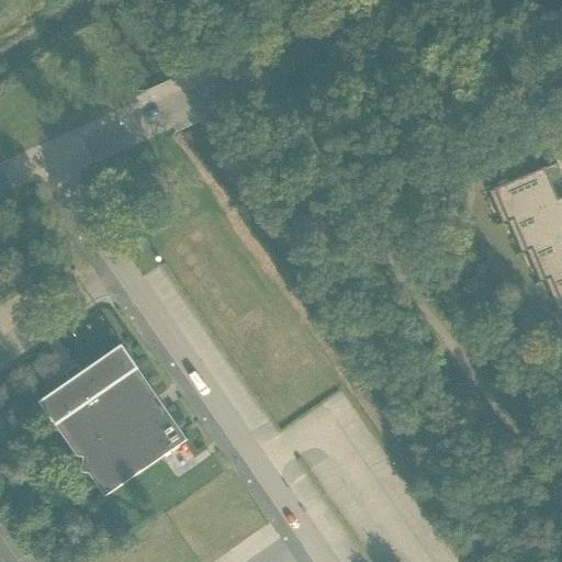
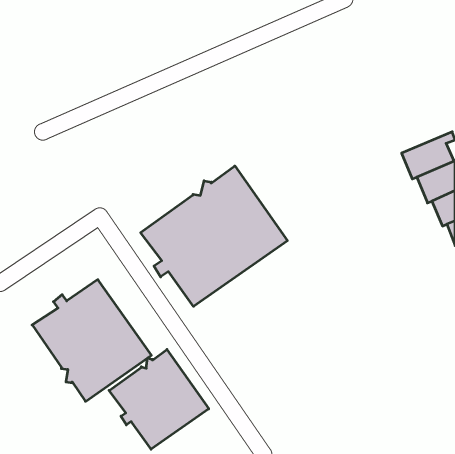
building: none -> [141,166,287,306]
building: none -> [109,349,209,449]

